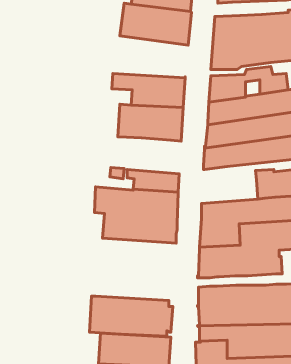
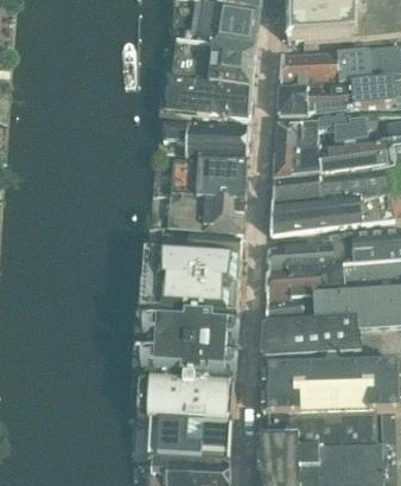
building: none -> [168,77,252,117]
building: none -> [167,194,243,232]
building: none -> [267,244,332,271]
building: none -> [144,312,237,385]

